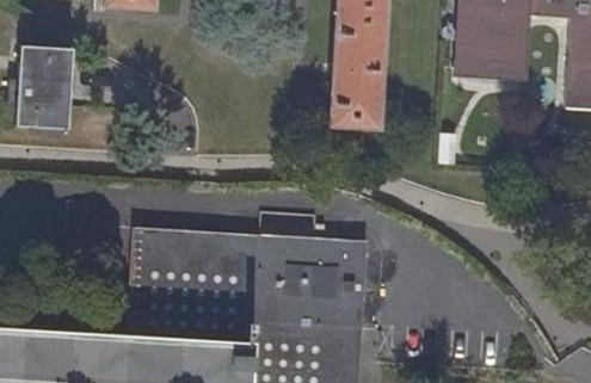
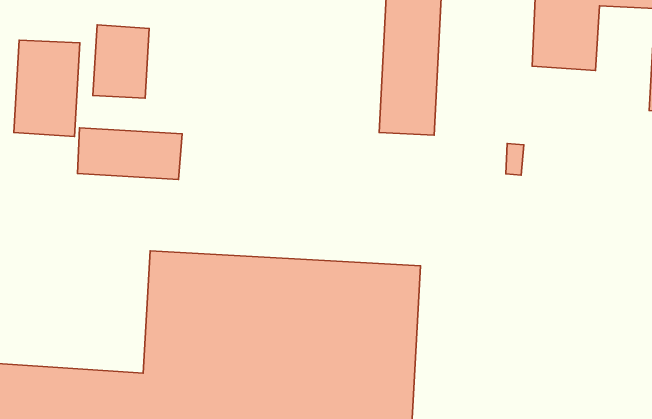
building: none -> [93,25,149,98]
building: none -> [77,128,182,179]

